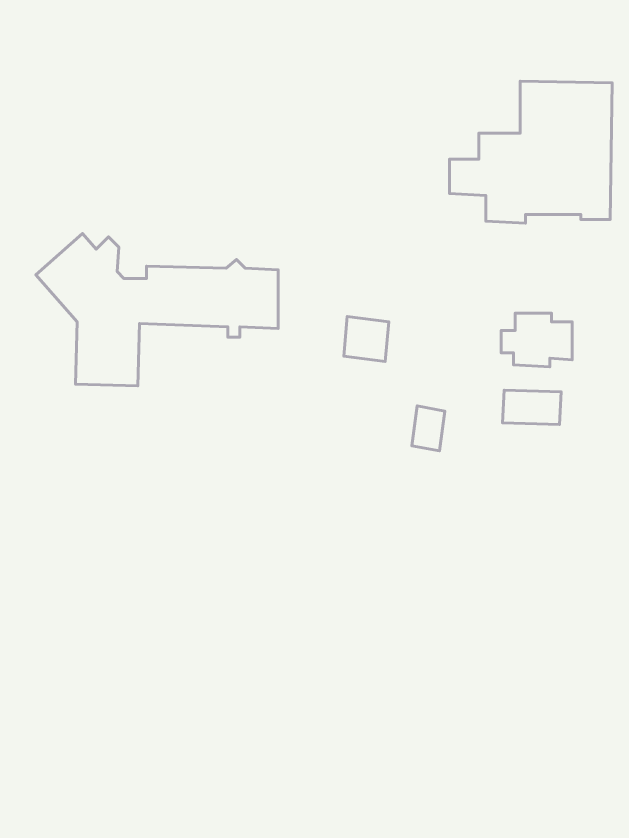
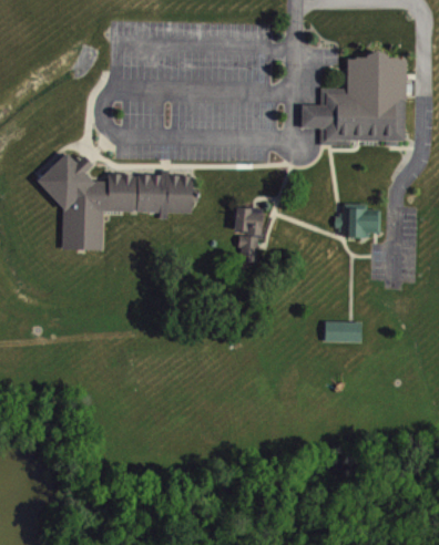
building: [502,390,561,425] -> [324,321,361,343]
building: [412,406,445,451] -> [237,235,258,264]

